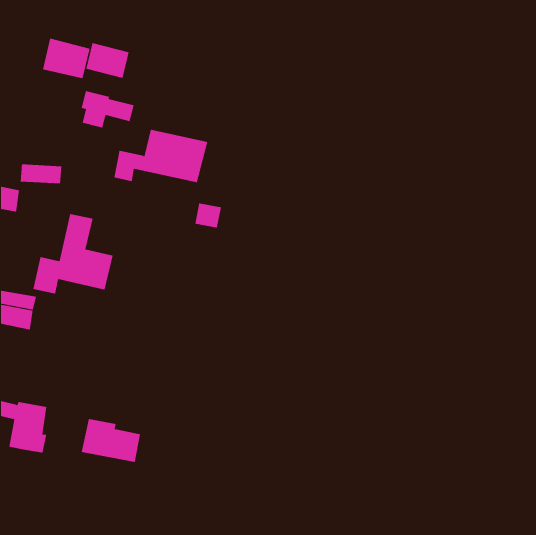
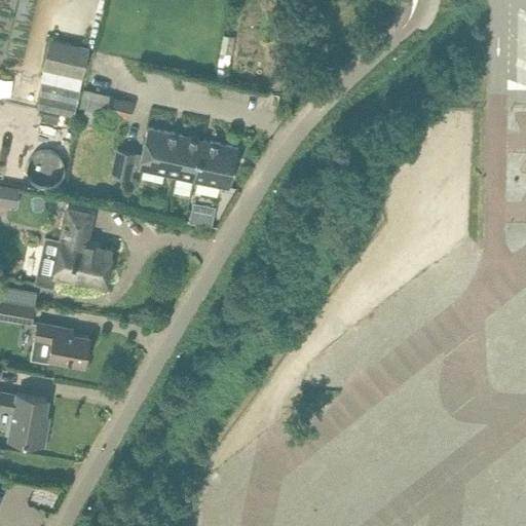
building: [85,43,130,78] -> [37,83,80,118]
building: none -> [195,141,238,188]
building: [81,418,141,463] -> [31,323,89,366]

